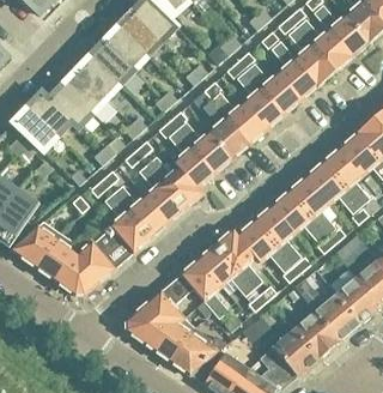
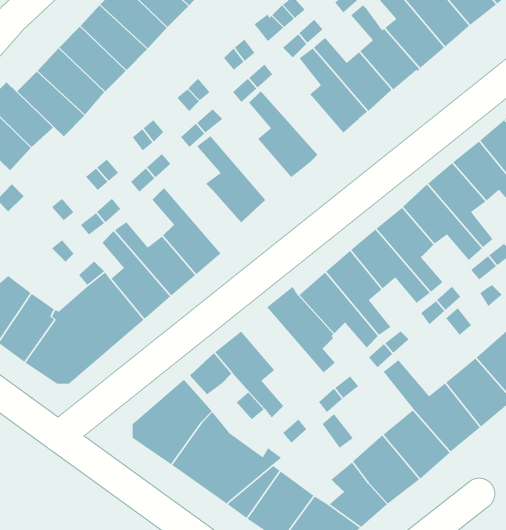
building: [213,91,268,140] -> none
building: [180,120,233,170] -> none
building: [148,155,205,206] -> none
building: [200,242,255,294] -> none

